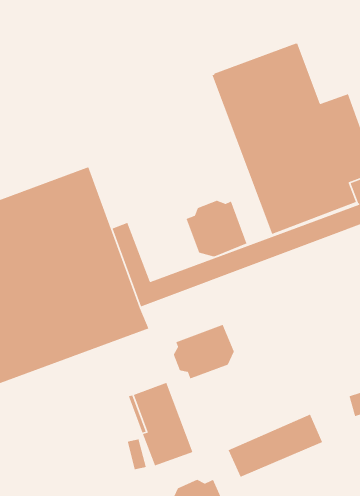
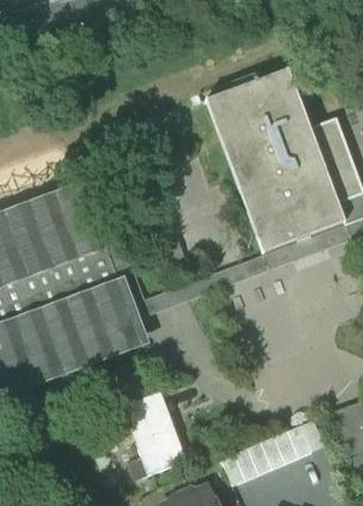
building: [186,200,248,257] -> none
building: [173,324,235,380] -> none

